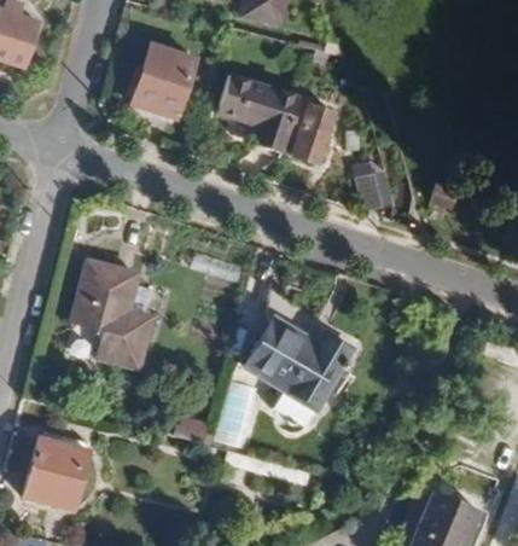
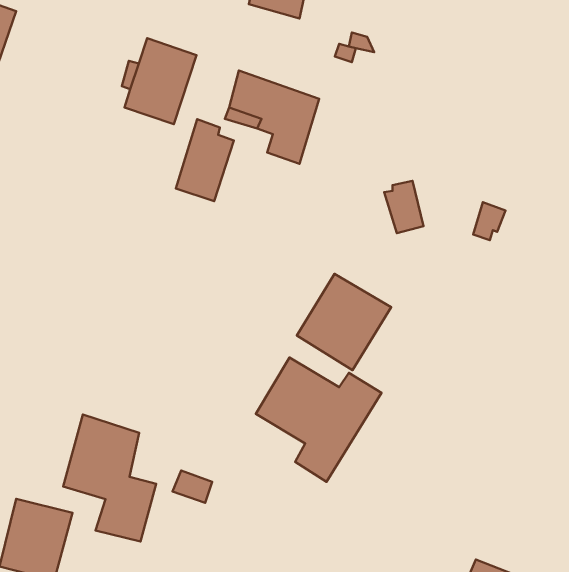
building: [285,94,334,164] -> [176,119,234,201]
building: none -> [297,274,391,370]
building: [71,259,151,367] -> [63,415,156,542]

